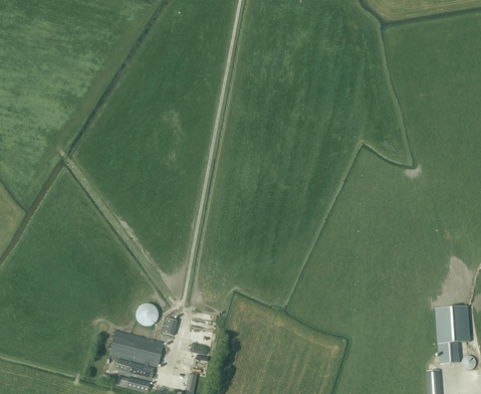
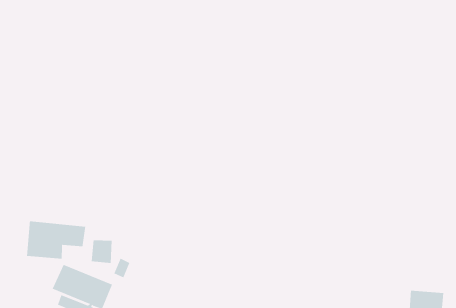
building: none -> [26,220,86,259]

